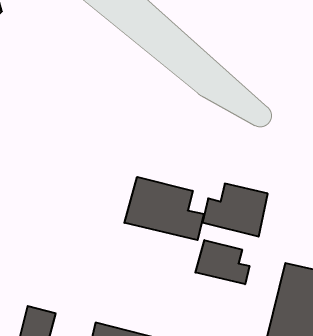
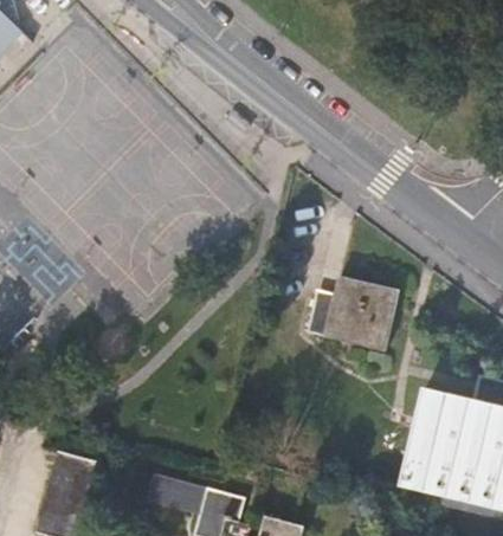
building: [124,177,204,240] -> none
building: [195,240,249,284] -> none

